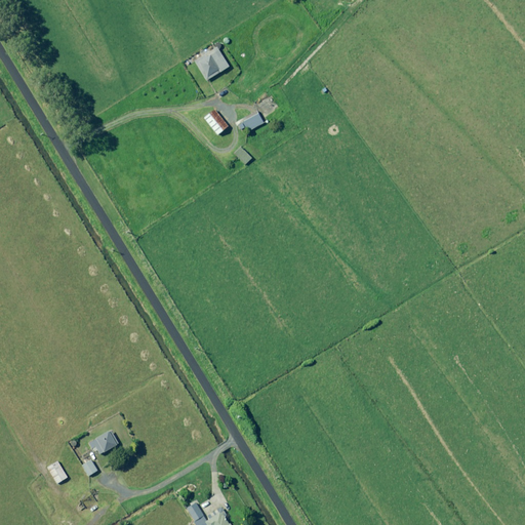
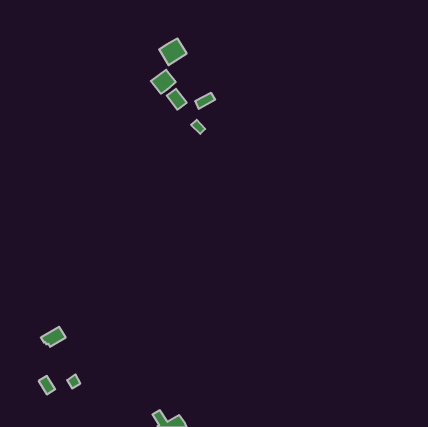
building: none -> [151,70,176,94]
building: [88,430,119,454] -> [41,327,66,347]

